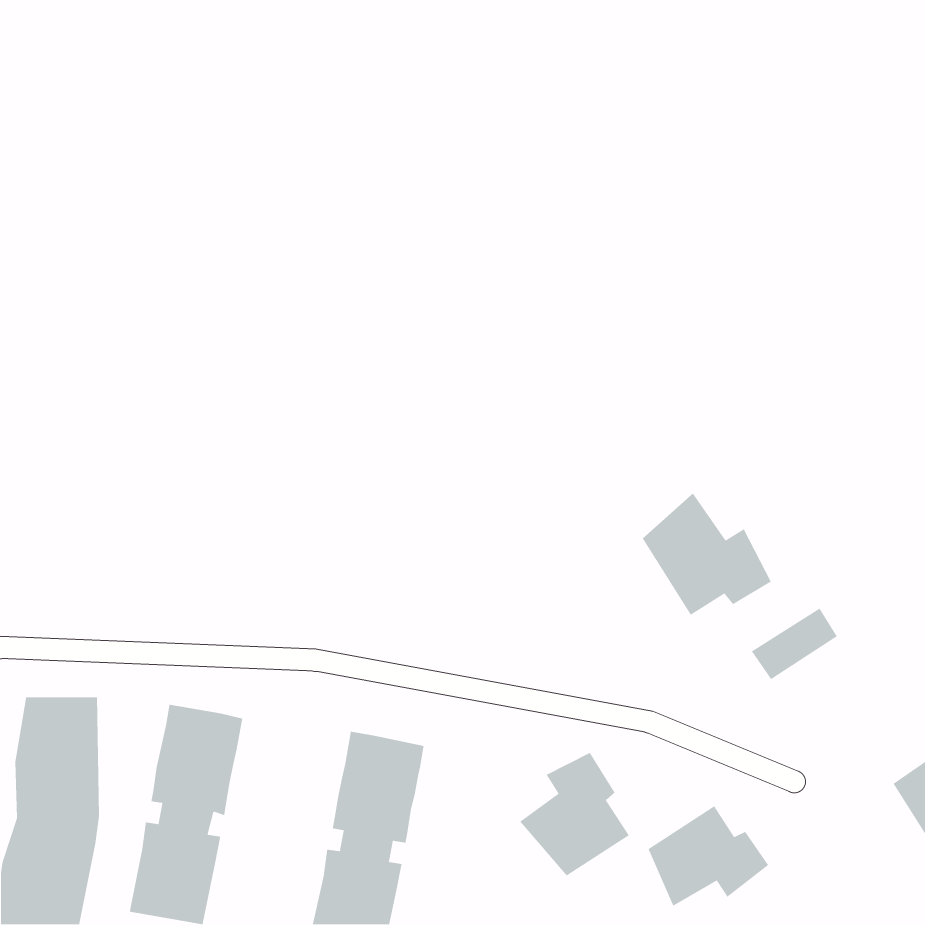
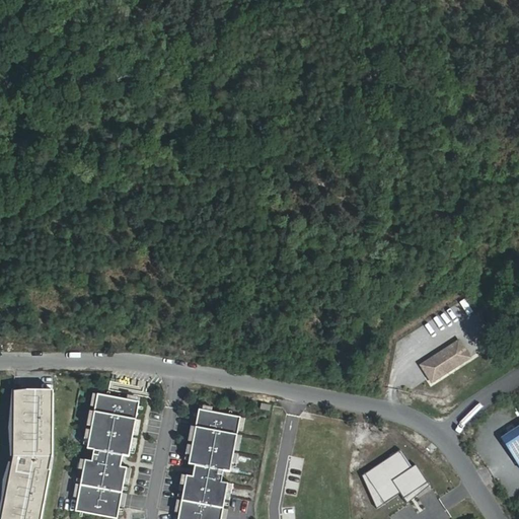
building: [642,492,772,616] -> none
building: [519,752,630,876] -> none

